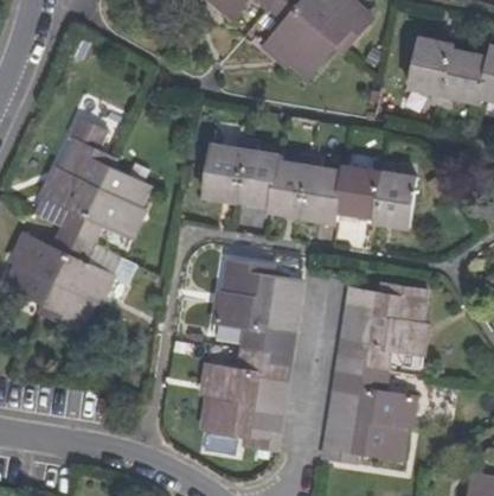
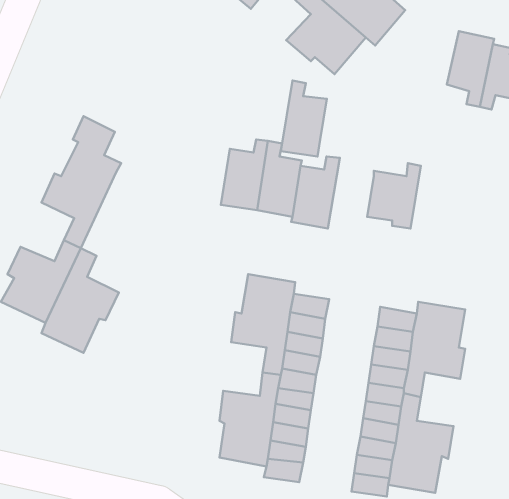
building: [301,153,342,222] -> [281,81,327,156]
building: [374,160,416,228] -> none
building: [77,166,148,242] -> none

